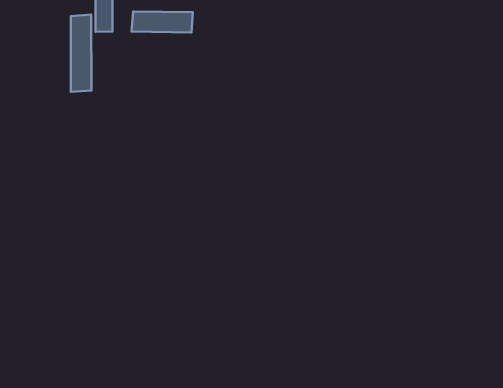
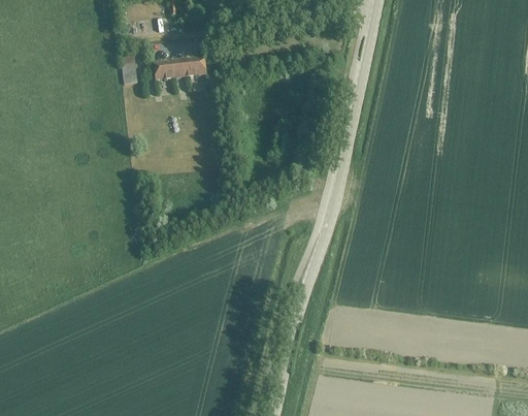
building: [71,15,91,92] -> none

